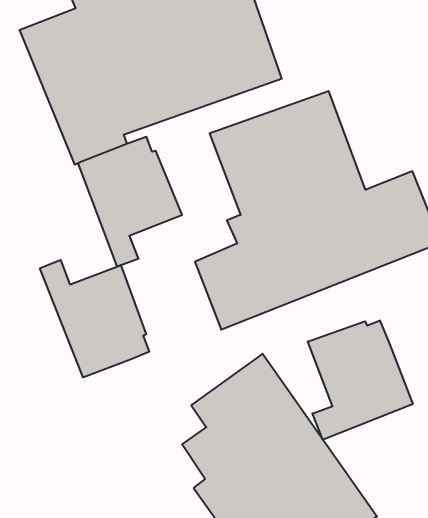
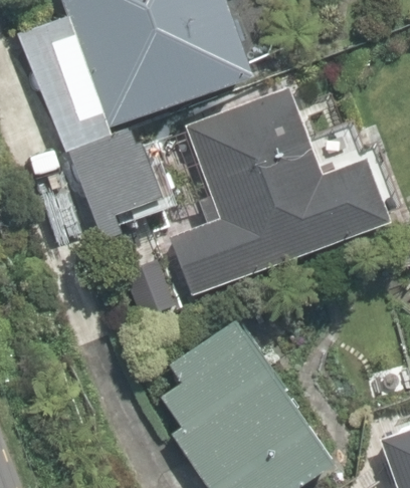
building: [40,260,149,377] -> none
building: [308,320,413,440] -> none

